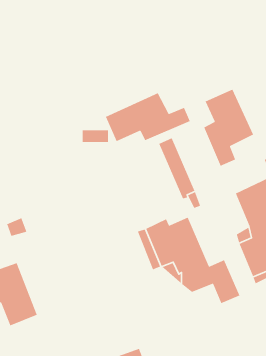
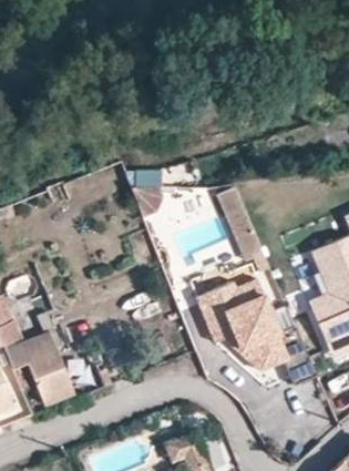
building: [203,89,254,167] -> none
building: [105,92,191,142] -> none

